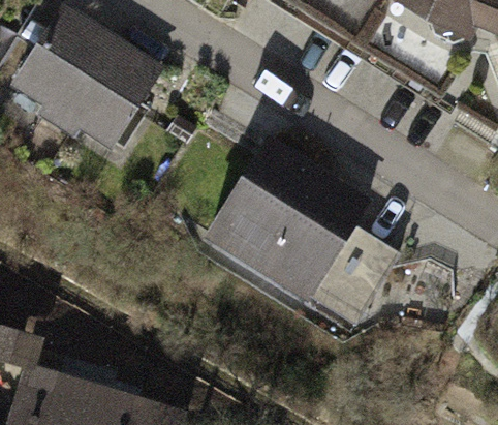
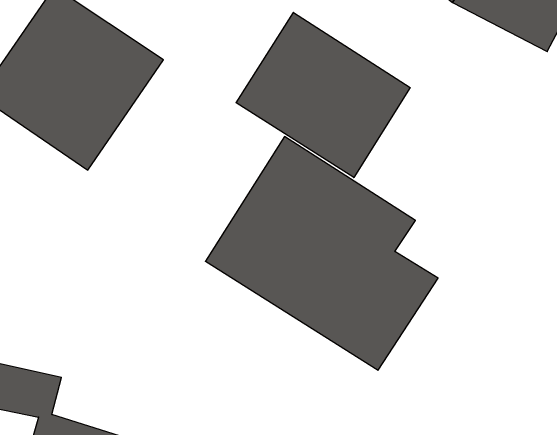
building: none -> [236,12,410,178]

